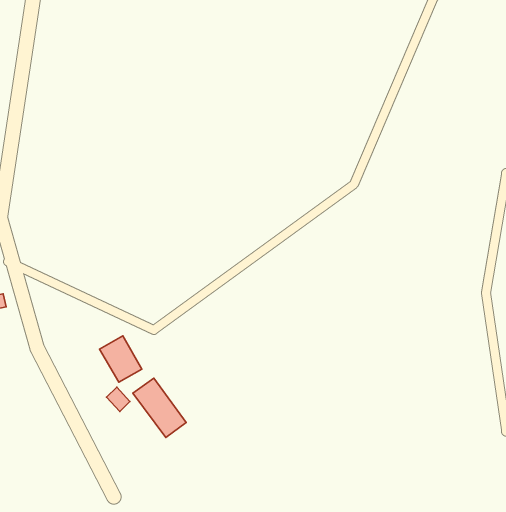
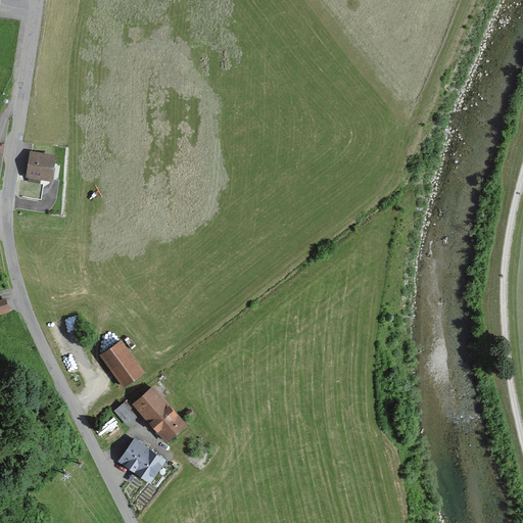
building: none -> [19,153,51,179]
building: none -> [110,438,160,484]

